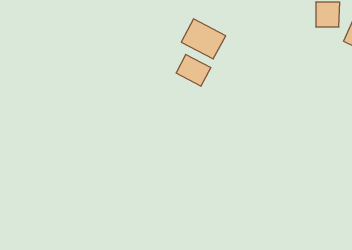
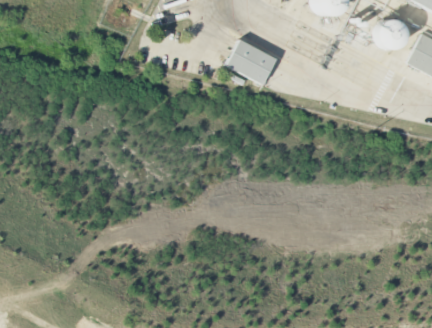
building: [176,54,211,86] -> none

